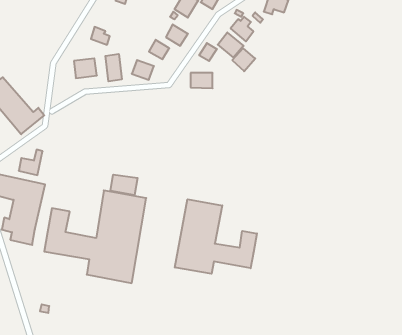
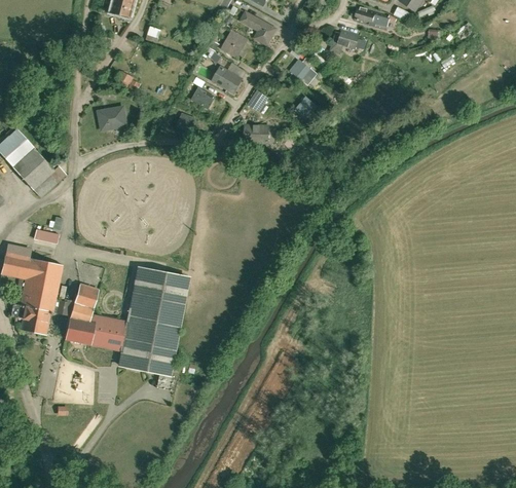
building: [218,32,244,58] -> none
building: [105,54,122,81] -> none
building: [110,175,138,195] -> none
building: [175,199,257,274] -> none

